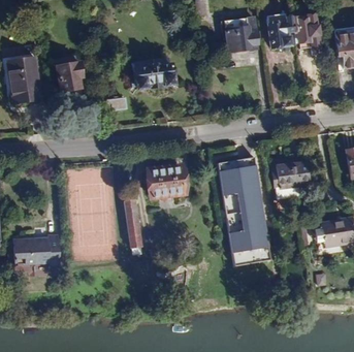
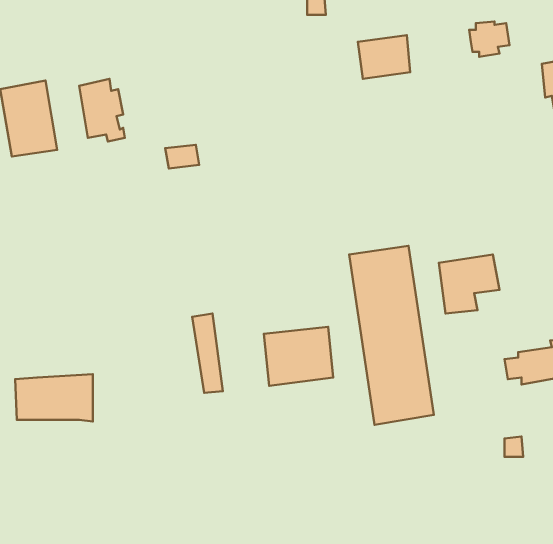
building: [268,17,293,45] -> none
building: [132,57,172,84] -> none
building: [146,163,188,199] -> [264,327,333,386]

